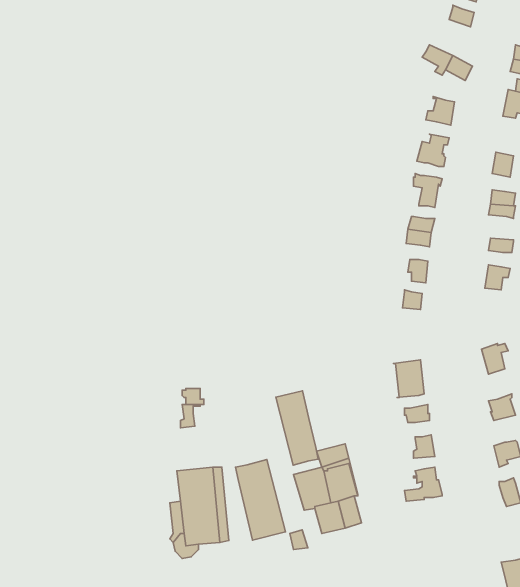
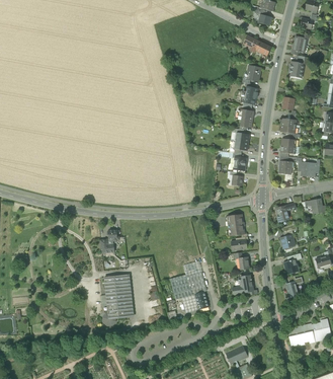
building: [276,391,318,465] -> none
building: [236,460,285,540] -> none

